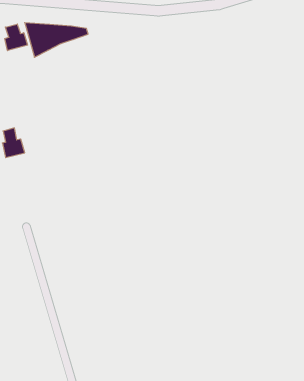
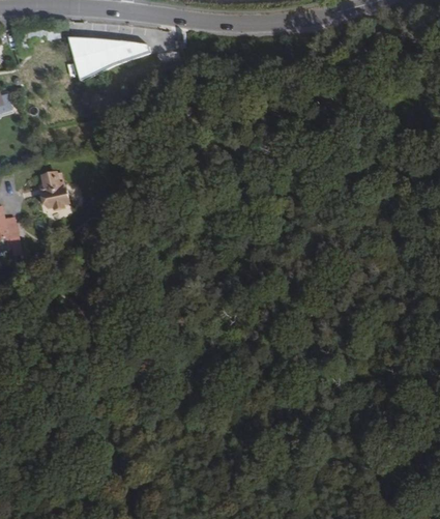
building: [5,24,28,51] -> none

